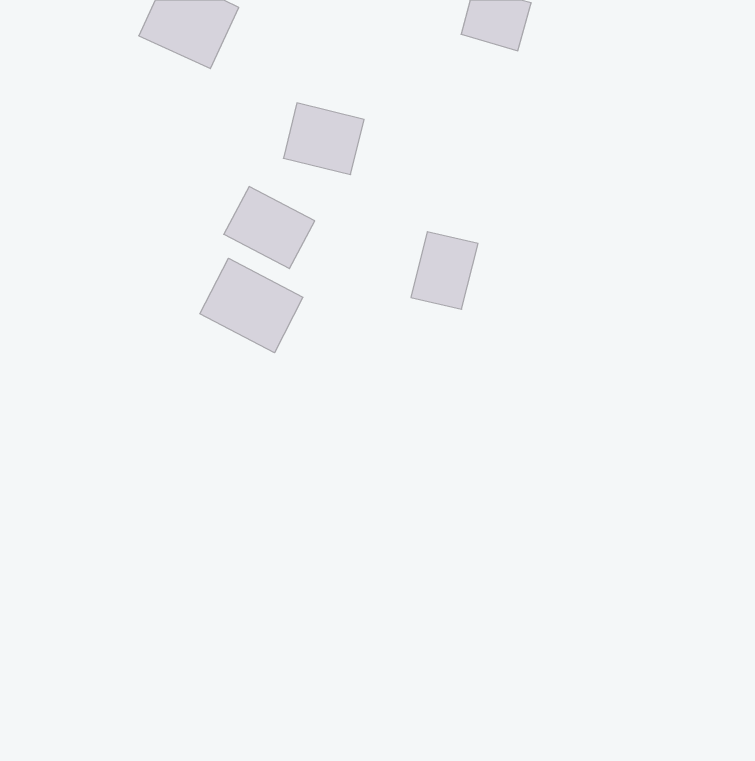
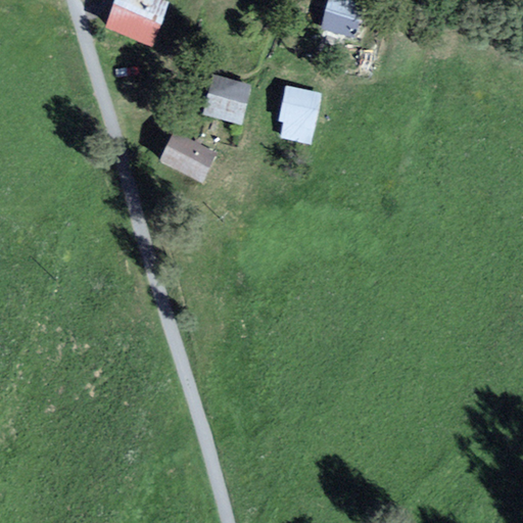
building: [411,232,478,309] -> [273,86,319,139]
building: [200,258,303,353] -> none

